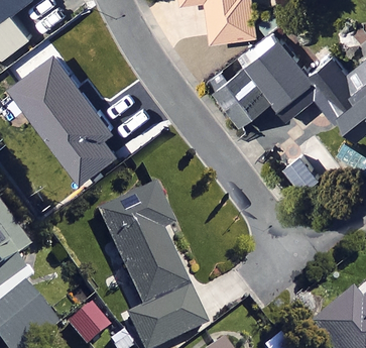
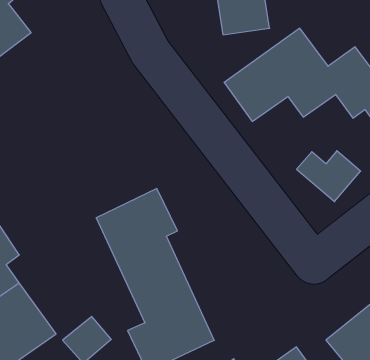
building: [15,50,129,179] -> none

